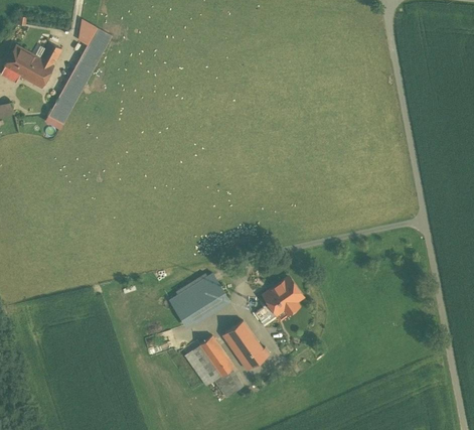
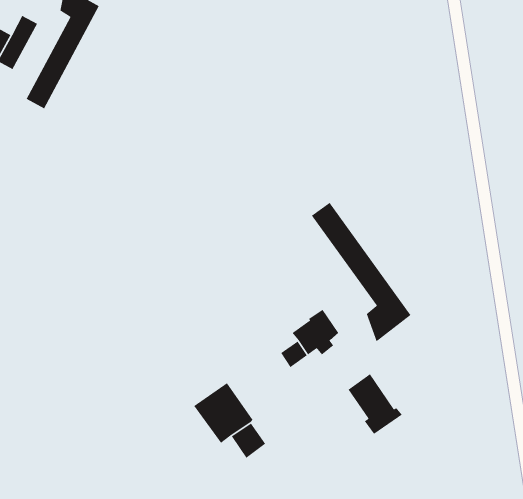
building: none -> [311,202,412,342]
building: [169,274,229,325] -> none
building: [225,320,270,370] -> [347,373,403,435]

